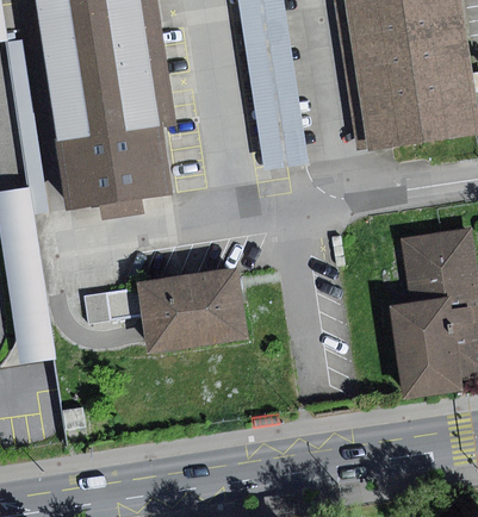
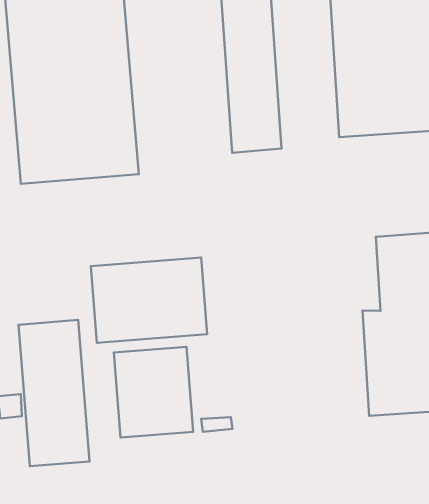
building: none -> [19,320,89,466]
building: none -> [114,347,193,438]

